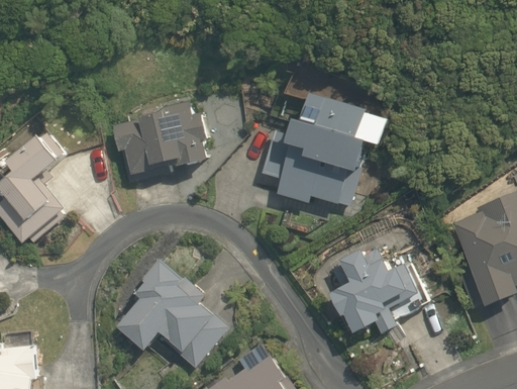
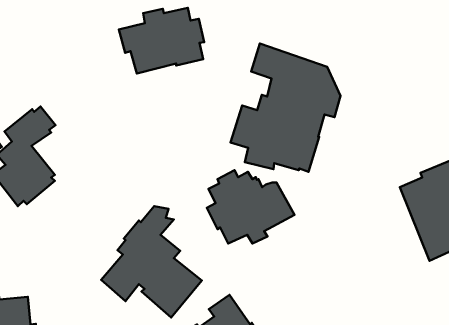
building: [110,102,206,176] -> [119,8,204,73]
building: [330,251,429,333] -> [207,170,295,244]

